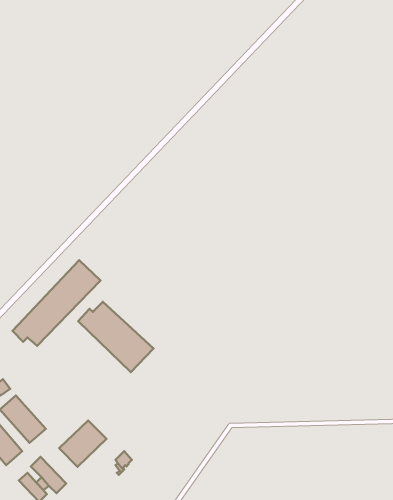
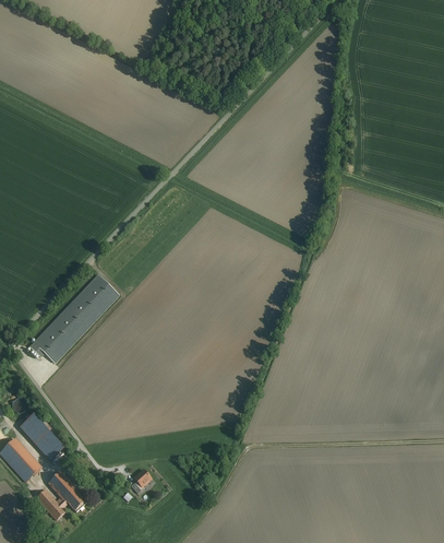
building: [78,302,153,372] -> none
building: [59,421,106,467] -> none

